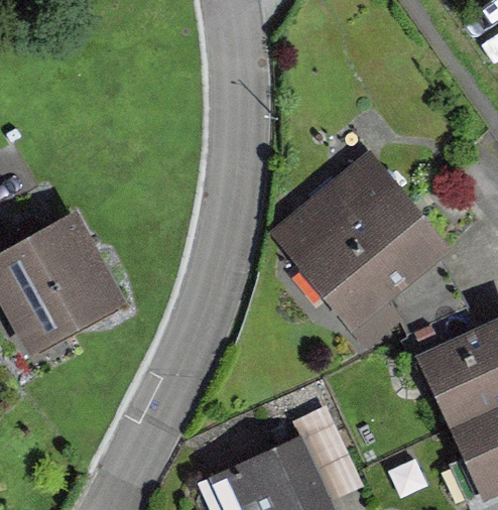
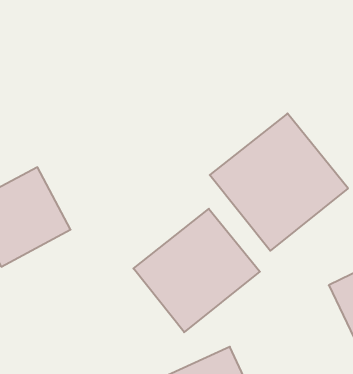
building: none -> [133,209,260,332]

